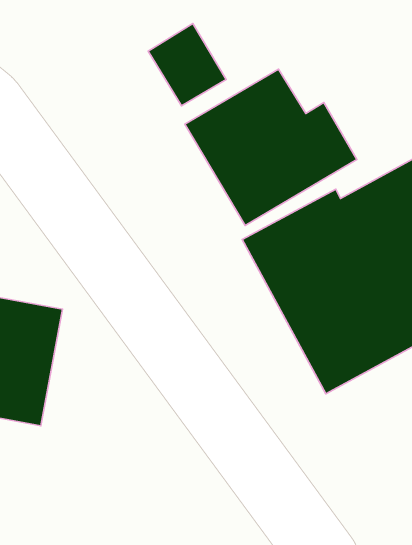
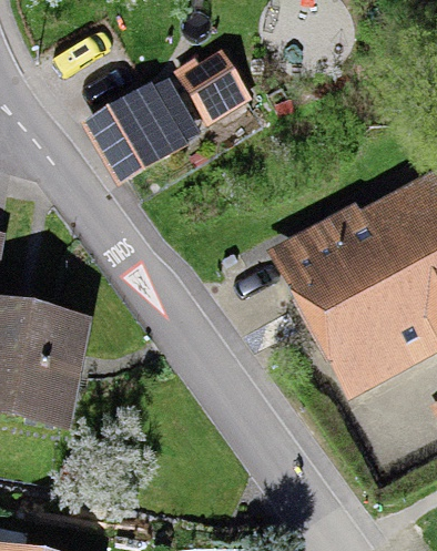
building: none -> [83,73,203,182]
building: [185,69,357,226] -> none

